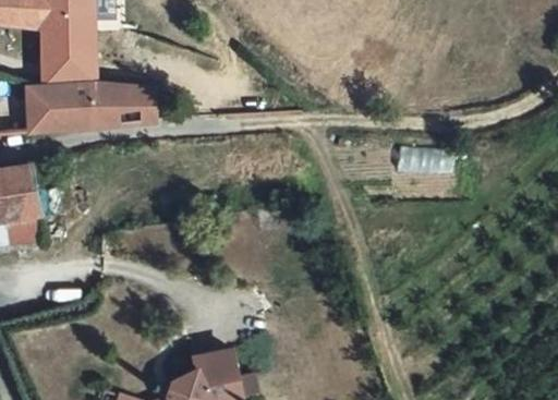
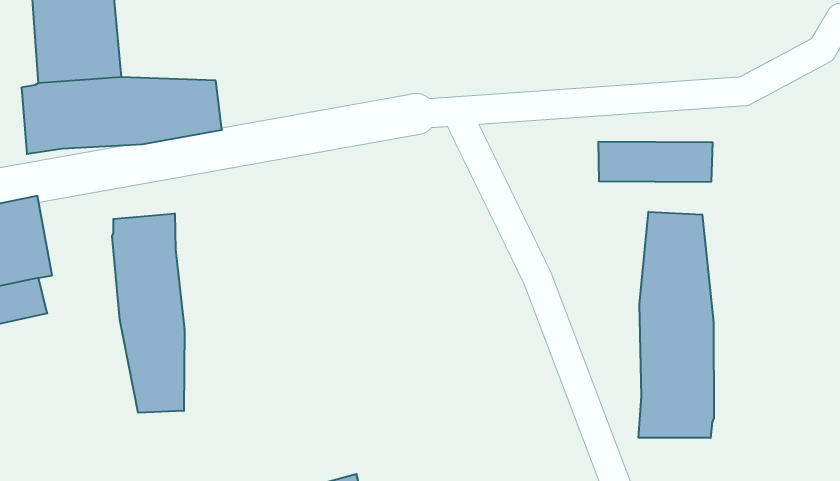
building: none -> [112,213,184,413]
building: none -> [639,212,714,438]

